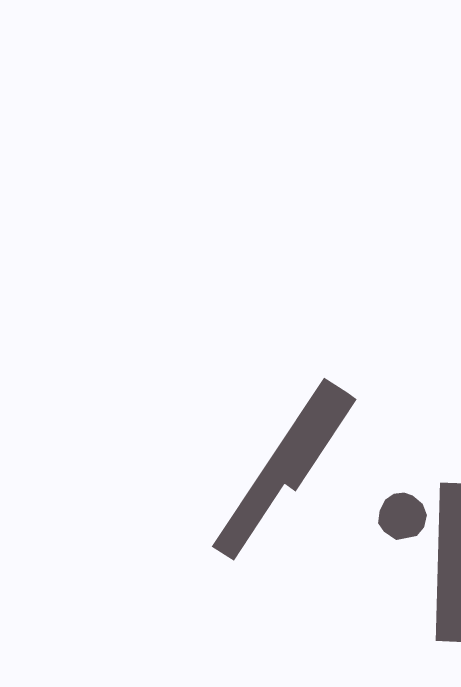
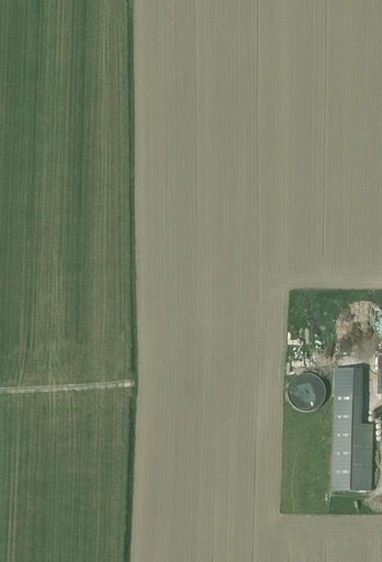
building: [210,377,358,562] -> none

